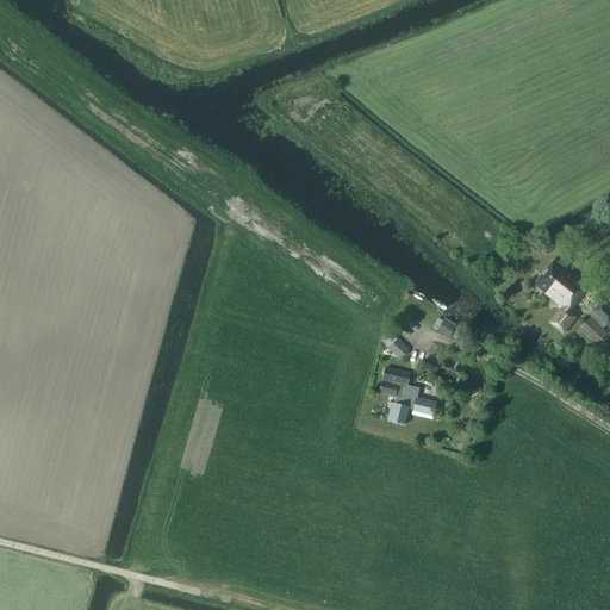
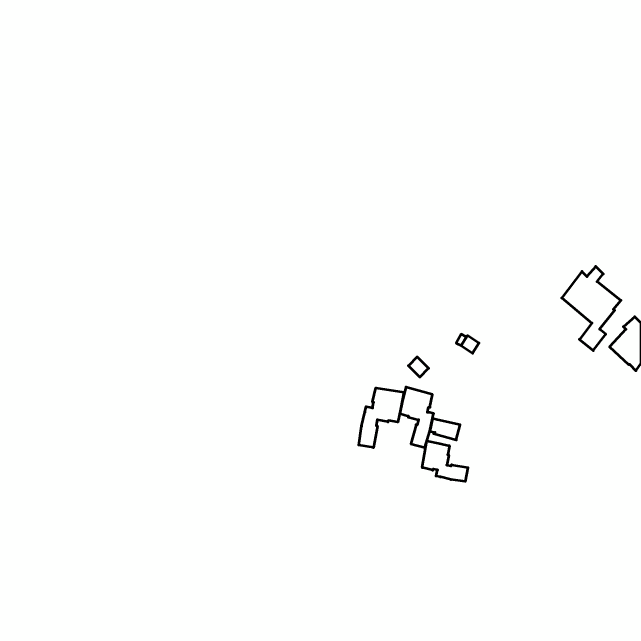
building: none -> [359,388,404,448]
building: none -> [422,441,468,481]

